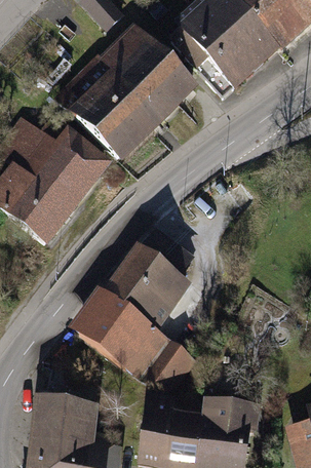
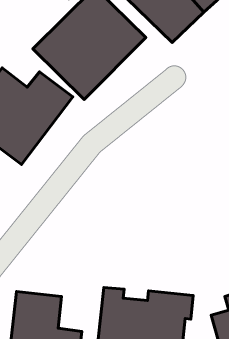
building: [80,231,191,395] -> none

